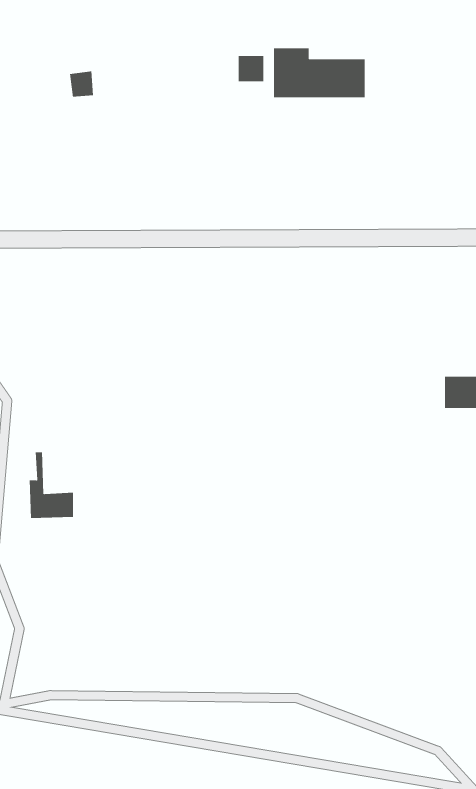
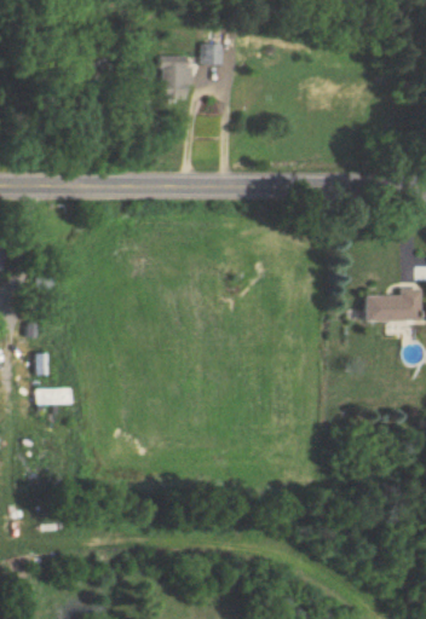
building: [273,47,365,98] -> none
building: none -> [159,58,189,97]

